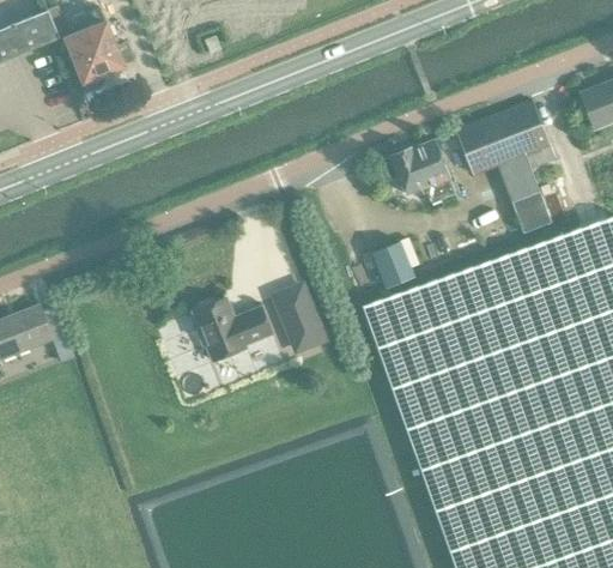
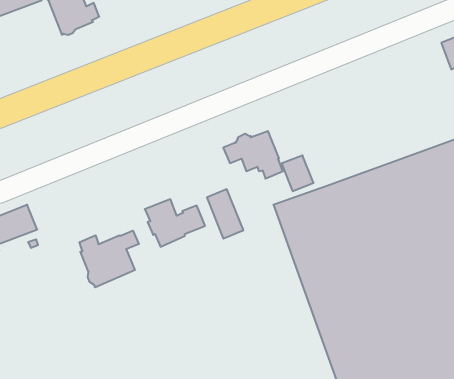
building: [456,101,556,232] -> none
building: [376,140,454,203] -> [223,131,283,179]
building: none -> [80,231,139,287]

